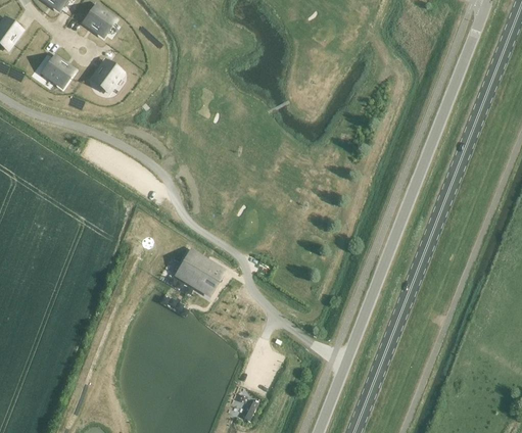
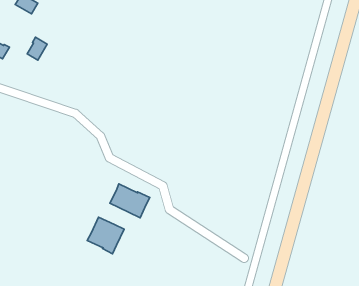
building: none -> [87,217,124,254]

